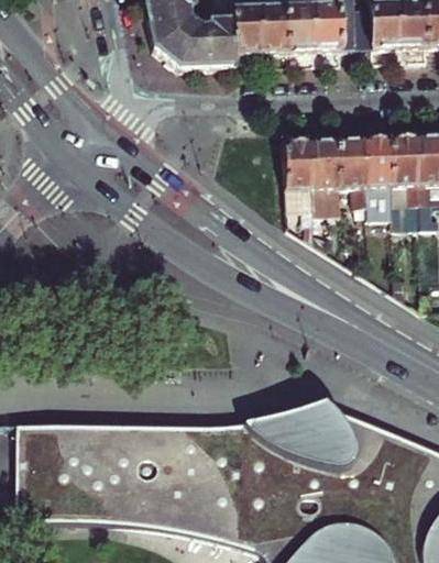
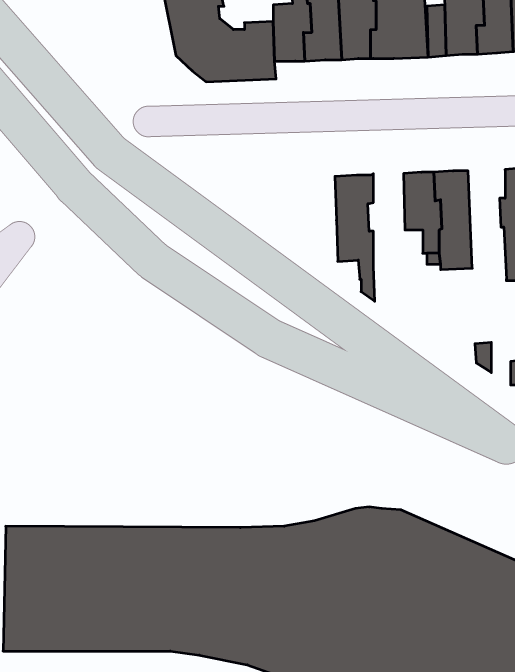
building: [391,139,421,228] -> none
building: [310,142,341,217] -> none

